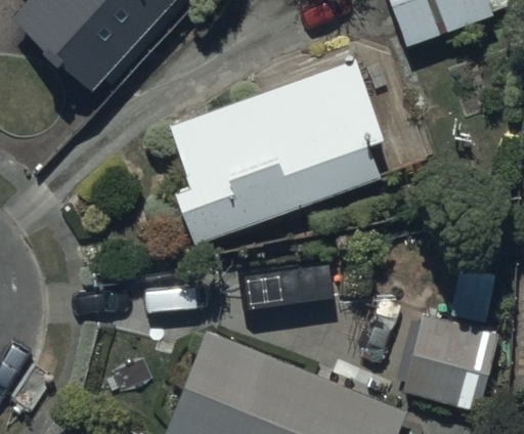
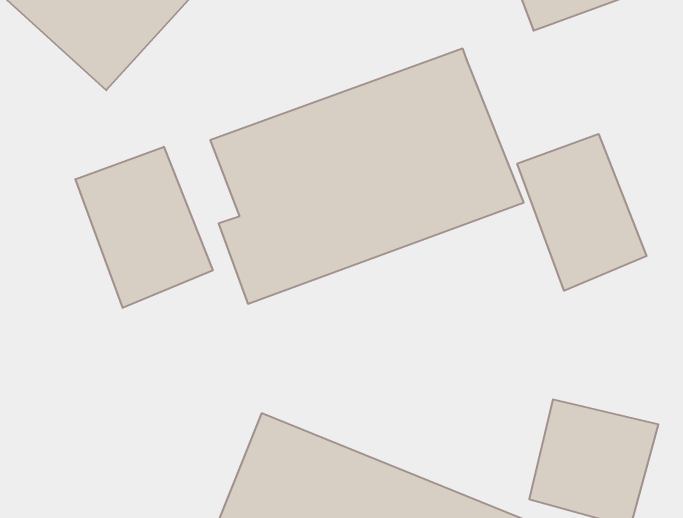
building: none -> [517,134,647,291]
building: none -> [75,147,213,308]

